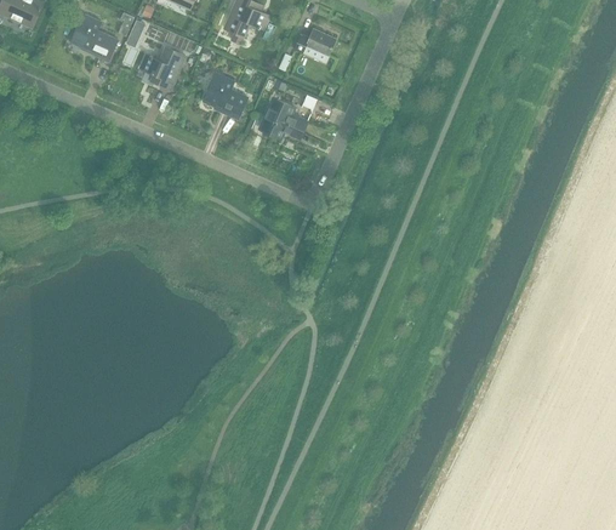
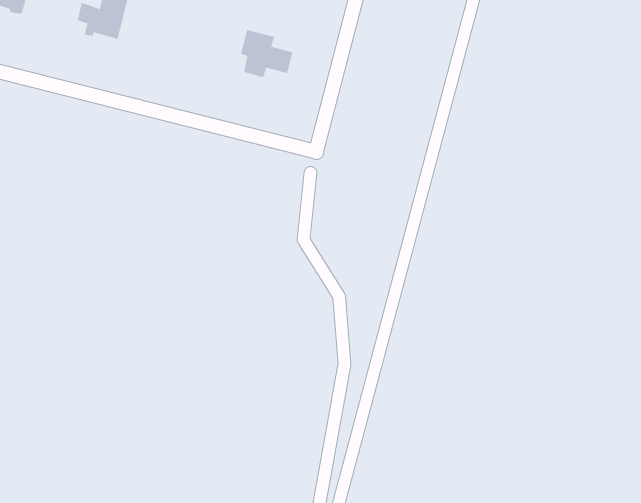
building: [204,72,247,118] -> none

